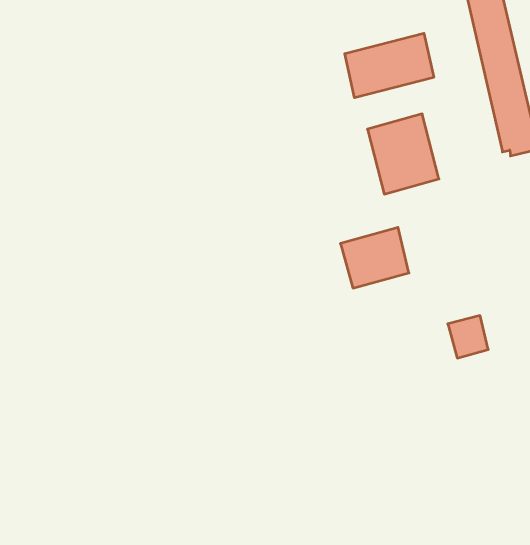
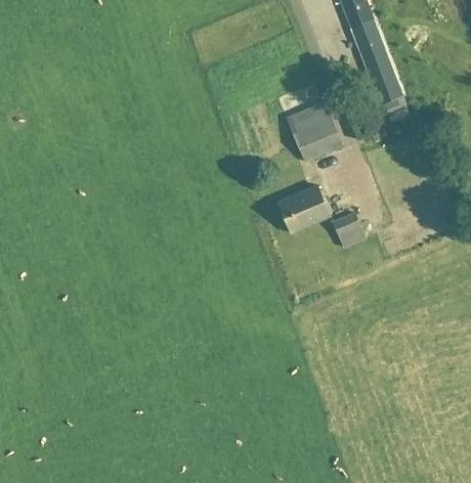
building: [345,33,434,98] -> none
building: [448,316,488,358] -> [333,212,365,245]

